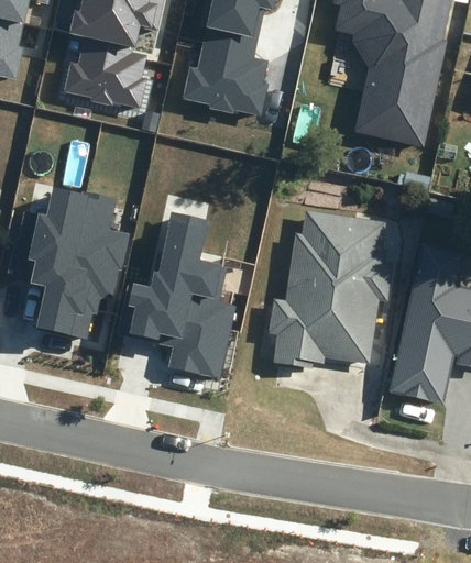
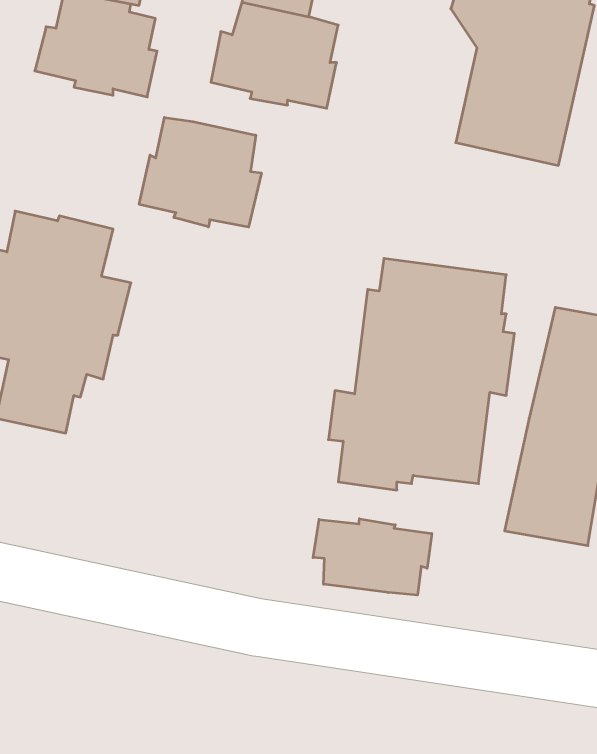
building: none -> [139,117,261,227]
building: [118,211,239,377] -> none
building: none -> [313,519,432,595]

